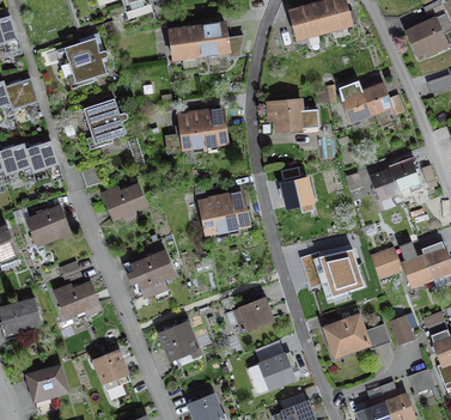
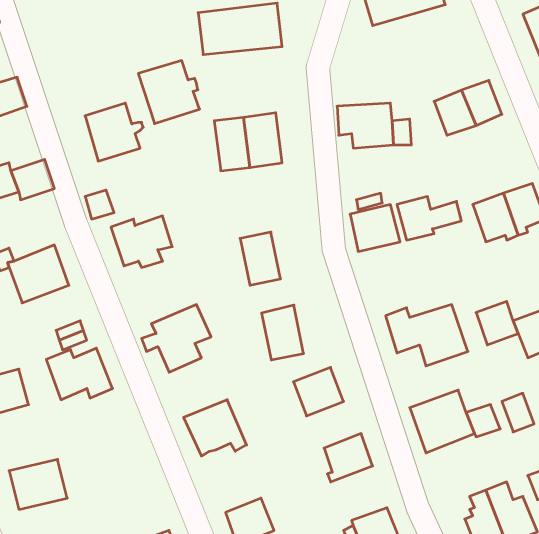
building: [62,37,108,84] -> [138,61,200,124]
building: [219,189,250,230] -> [262,305,304,360]
building: [90,348,127,384] -> none

